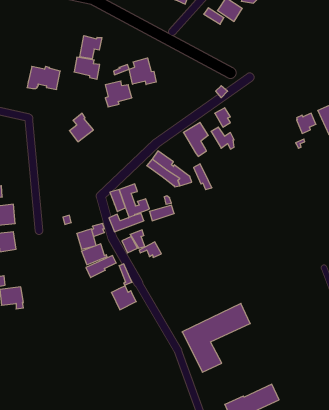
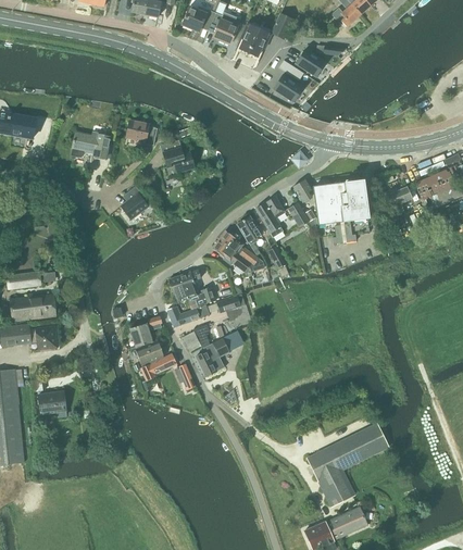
building: none -> [273,74,303,102]
building: [80,36,102,59] -> none
building: [129,58,156,85] -> none
building: none -> [313,180,368,245]
building: none -> [237,216,263,255]
building: [111,286,136,310] -> [196,348,225,376]
building: [182,303,250,372] -> [308,424,388,505]

